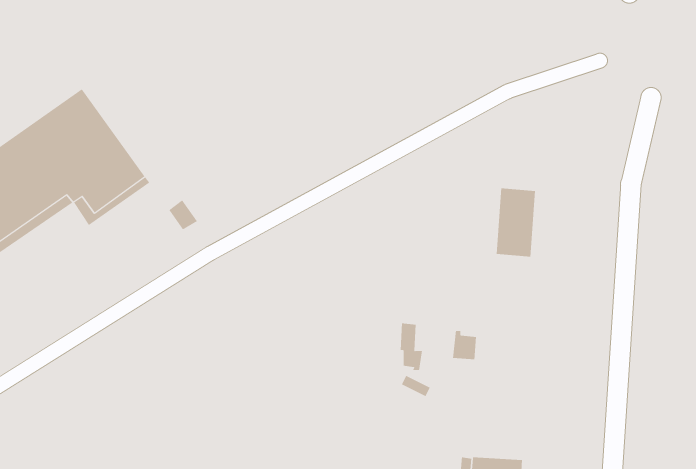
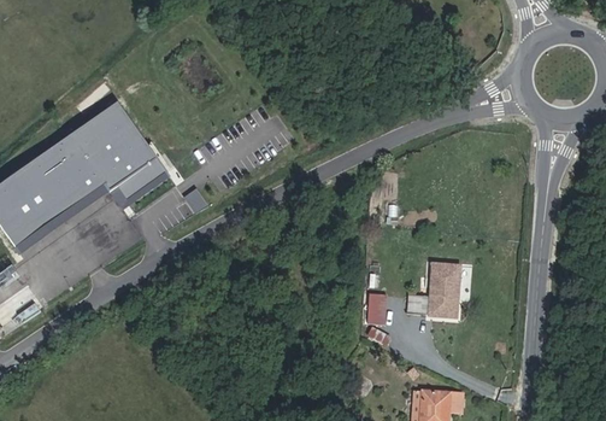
building: [496,188,536,257] -> [428,262,459,316]

